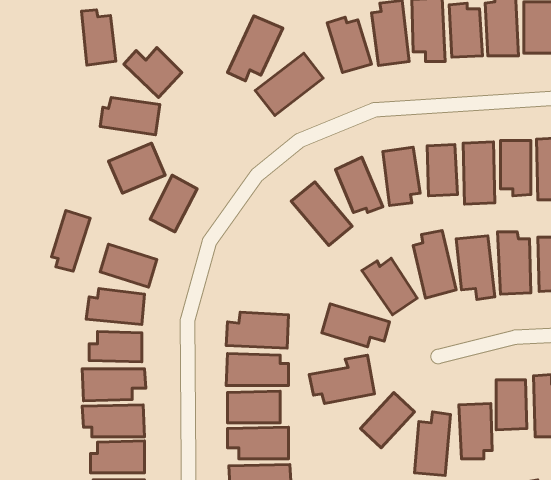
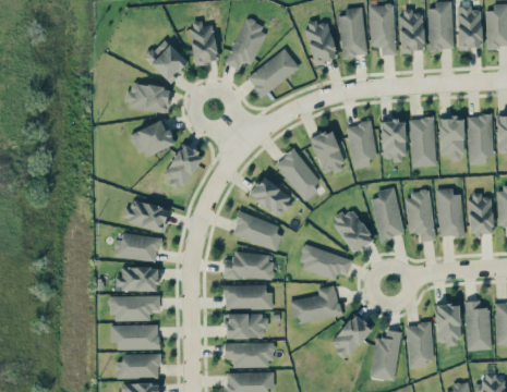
building: [81,10,116,65] -> [190,21,217,64]
building: [52,210,90,271] -> none
building: none -> [249,179,293,218]
building: none -> [231,211,282,250]

